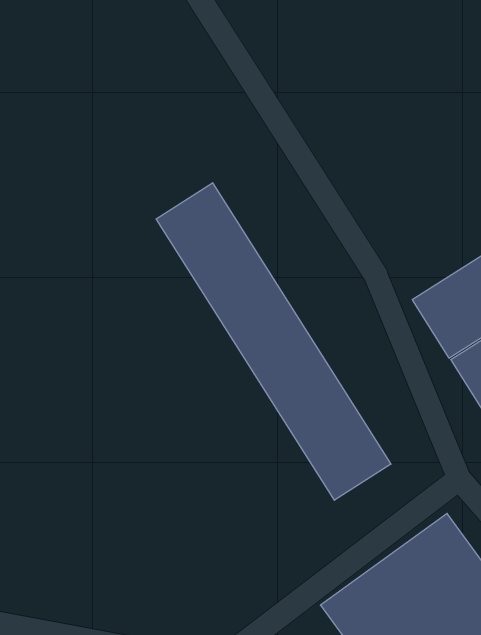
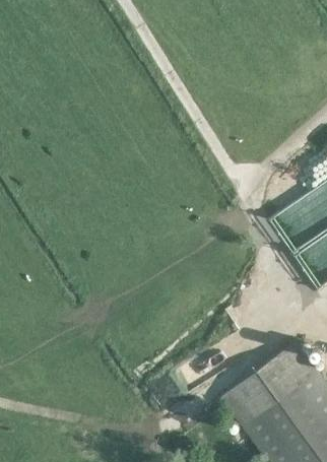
building: [156,183,391,500] -> none

